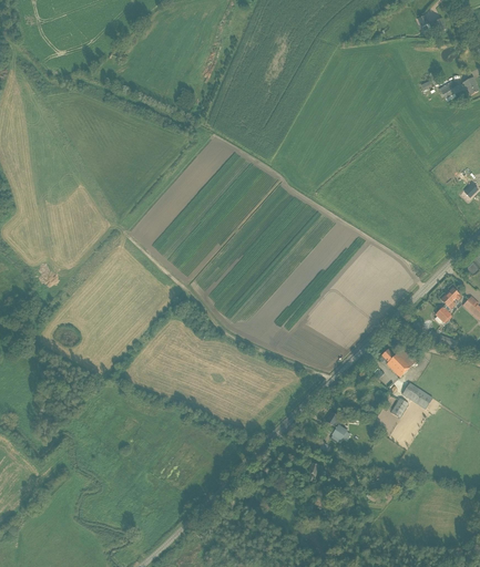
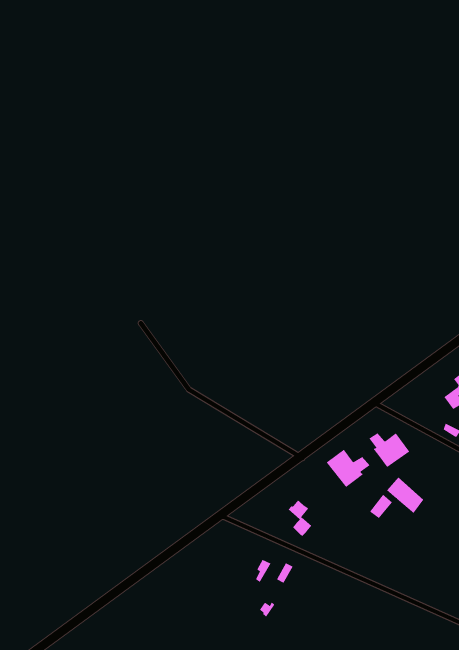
building: none -> [326,449,370,488]

